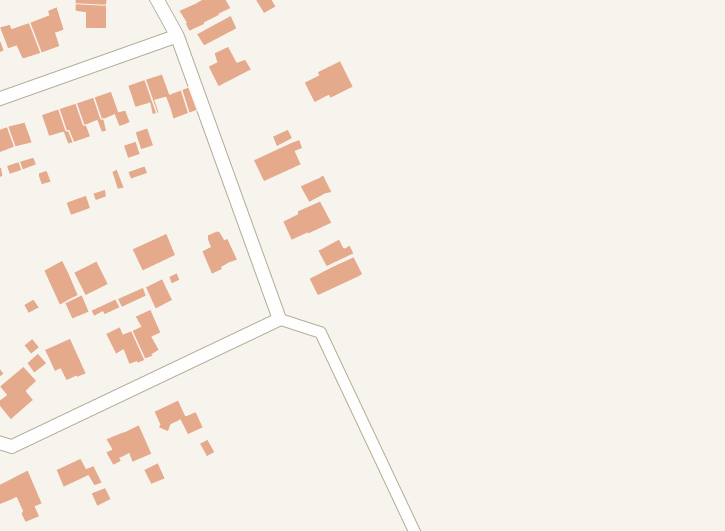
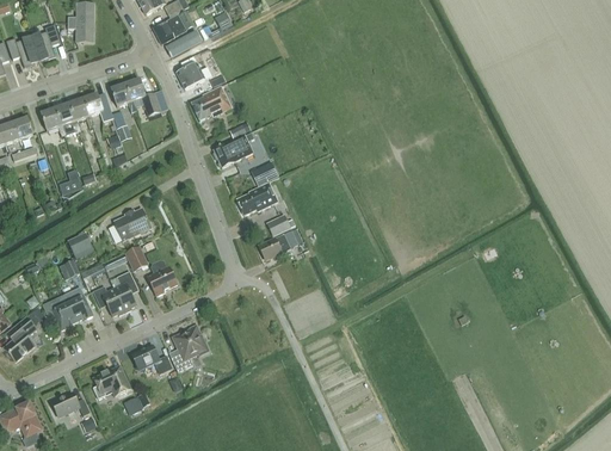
building: [304,60,354,103] -> [190,84,230,118]
building: [201,231,238,275] -> [147,259,177,295]
building: [44,260,79,305] -> [63,285,92,322]
building: none -> [165,323,208,371]

